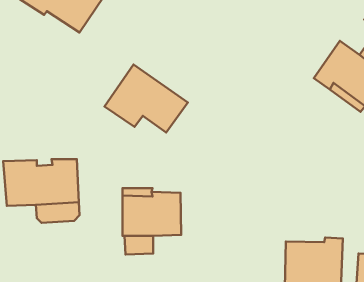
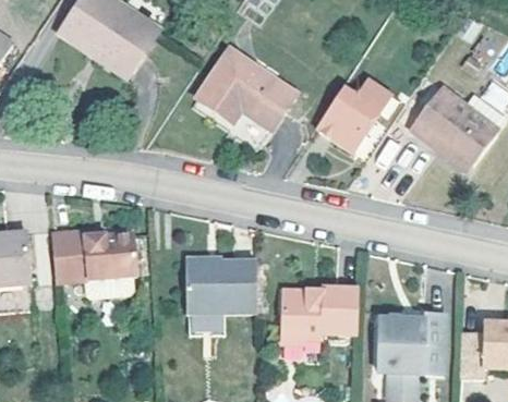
building: none -> [322,76,394,149]
building: [105,64,188,132] -> [201,50,298,130]
building: none -> [280,289,356,343]

